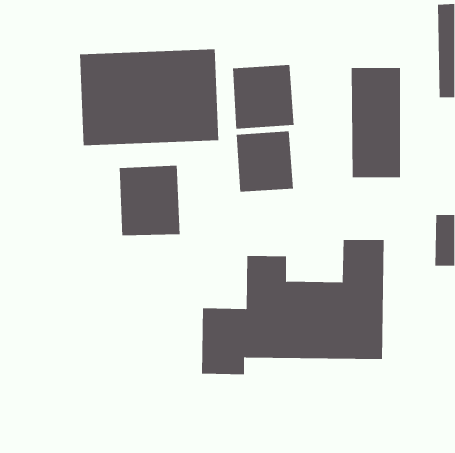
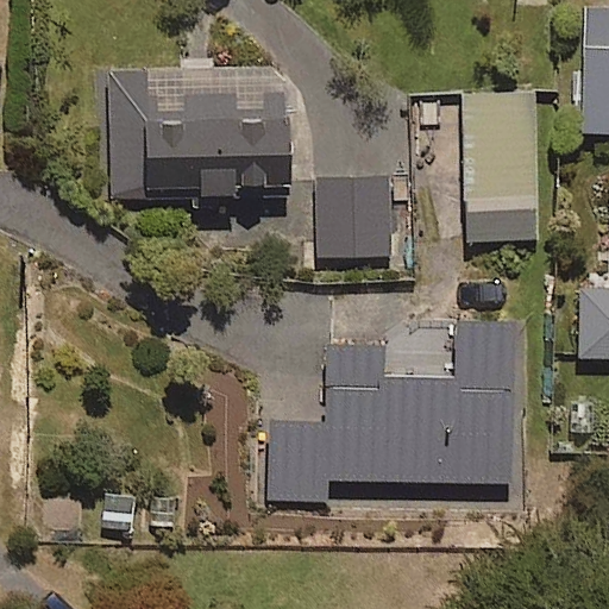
building: [233,64,294,129] -> none
building: [119,165,180,236] -> none

